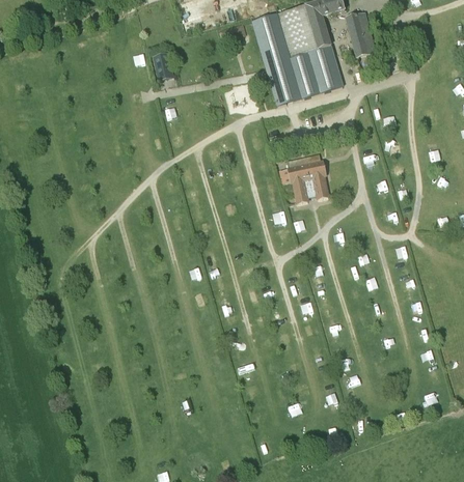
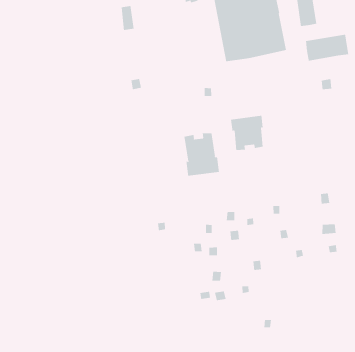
building: none -> [305,34,349,61]
building: none -> [184,133,219,177]

